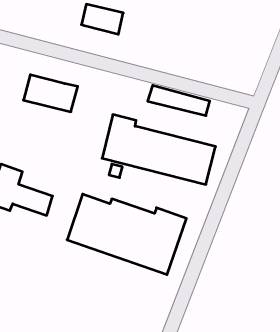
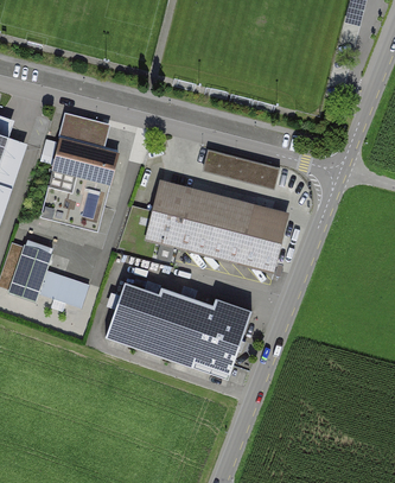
building: [81,4,123,34] -> [58,108,109,145]
building: none -> [40,165,112,229]

